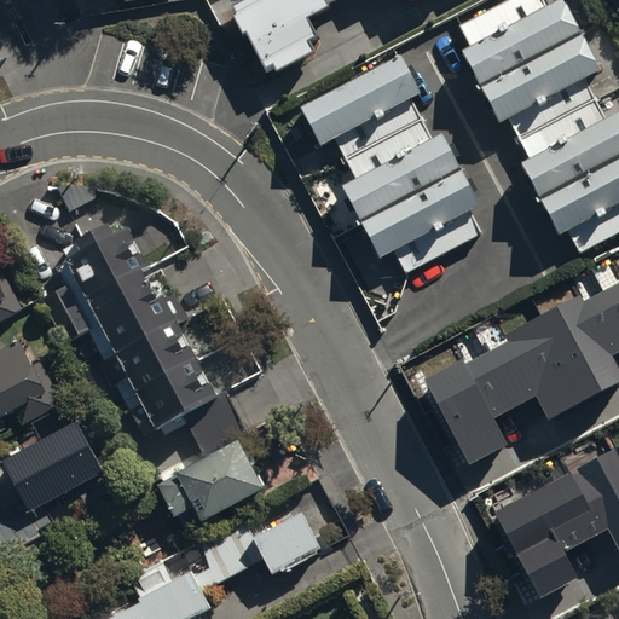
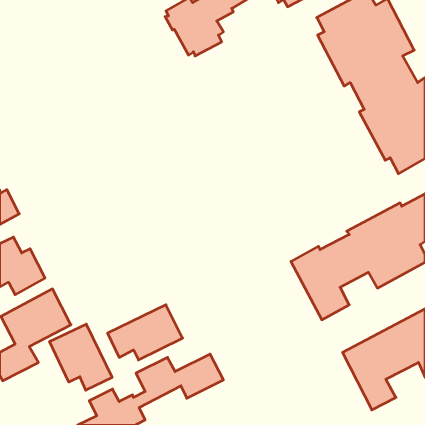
building: [301,56,484,273] -> none
building: [41,225,243,472] -> none
building: none -> [50,324,112,390]

